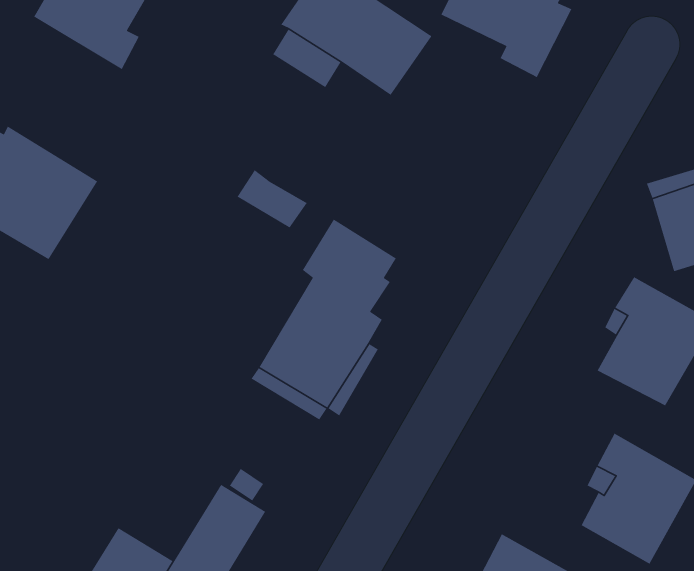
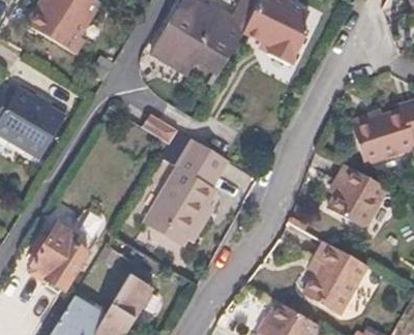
building: none -> [31,221,87,287]

